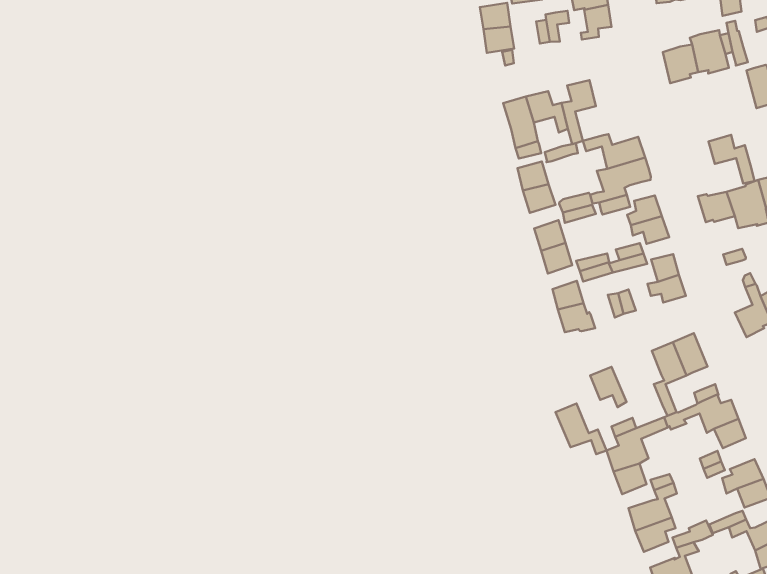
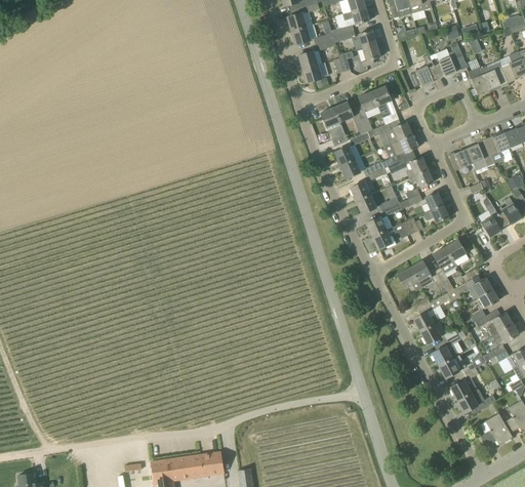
building: none -> [372,85,399,124]
building: [708,135,754,184] -> none
building: [555,403,606,454] -> [410,259,445,289]

